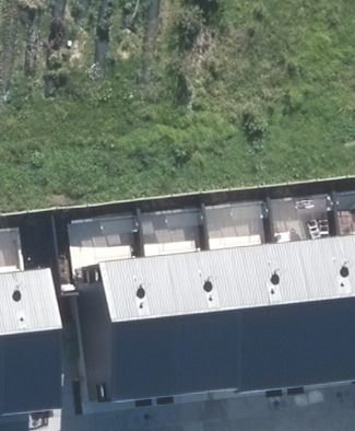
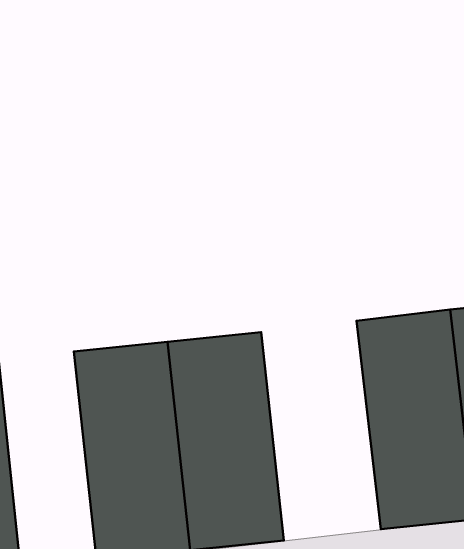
building: [213,242,294,391] -> none

